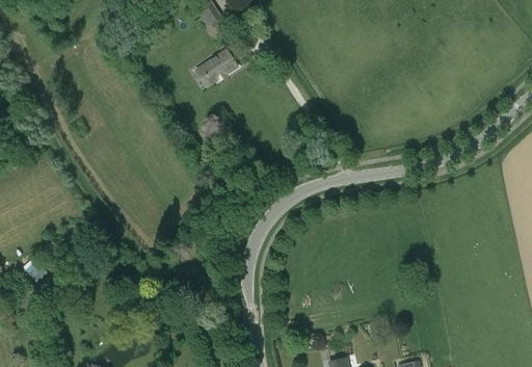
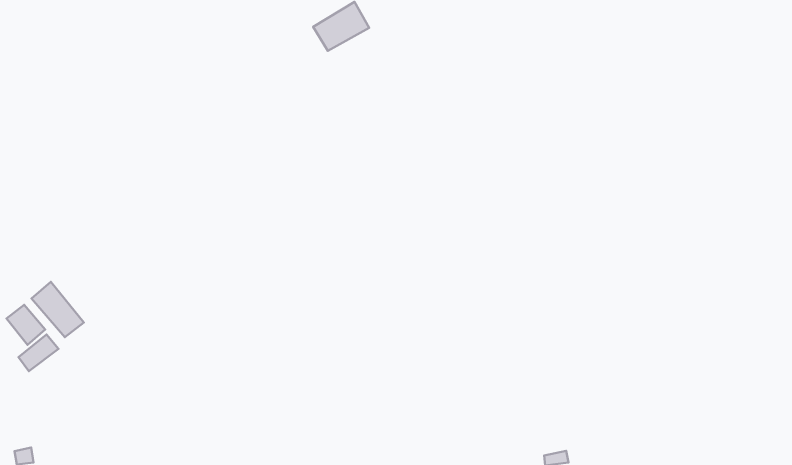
building: none -> [32,282,84,337]

